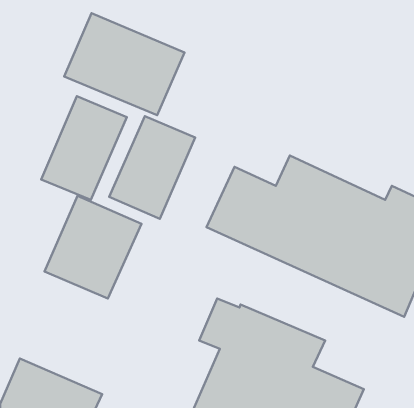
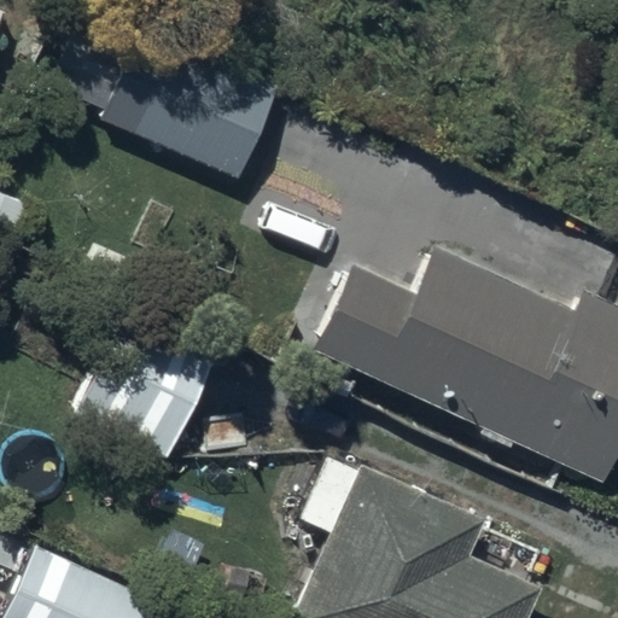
building: [41,96,127,200] -> none
building: [109,116,195,219] -> none

